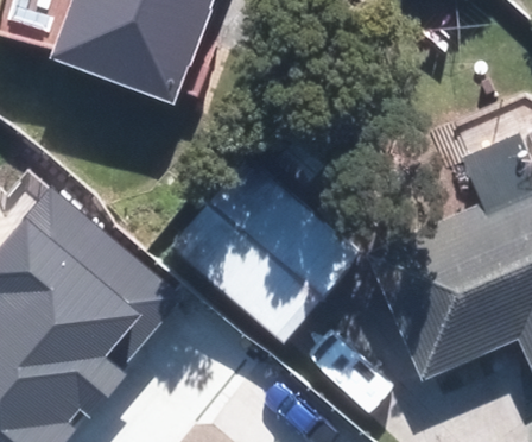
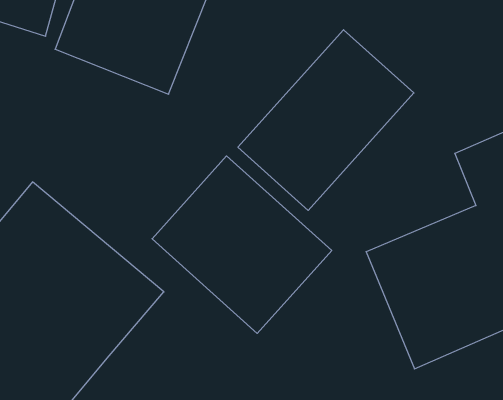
building: none -> [238,30,414,210]

